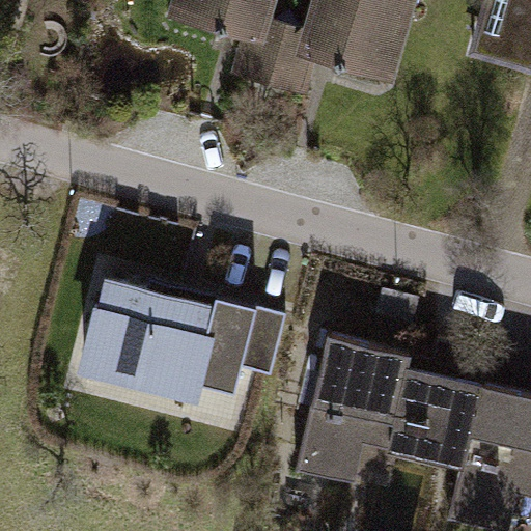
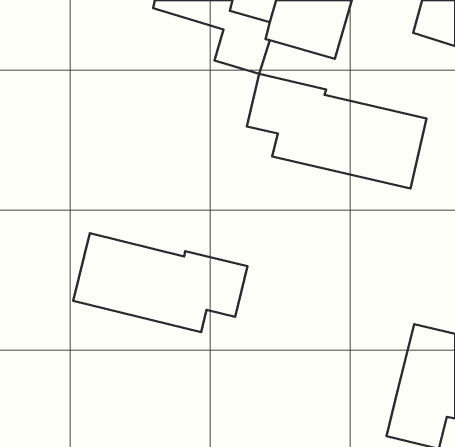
building: none -> [247,74,426,189]
building: [299,339,482,480] -> none

